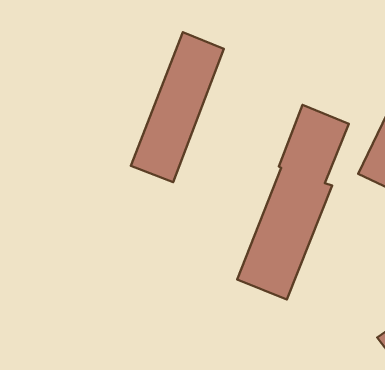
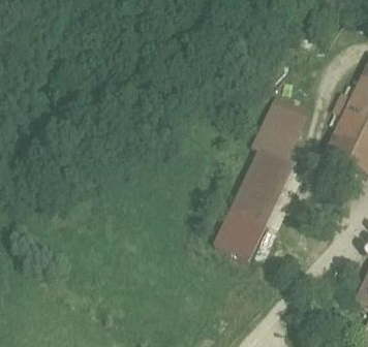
building: [131,32,224,182] -> none

